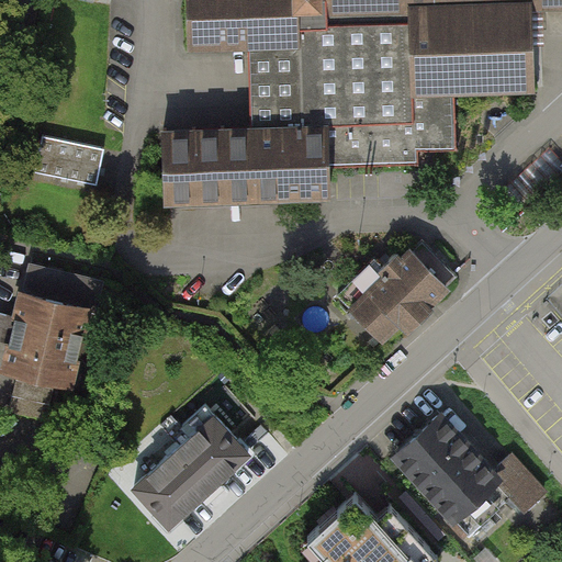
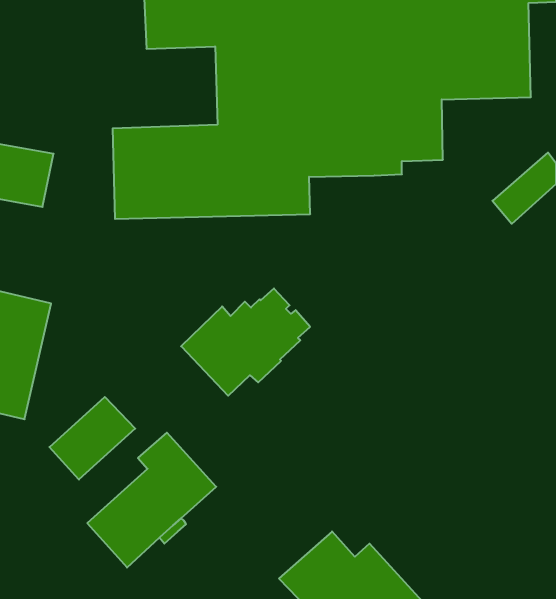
building: [337,239,454,337] -> [181,288,310,396]
building: none -> [49,397,135,480]
building: [395,414,543,531] -> none

